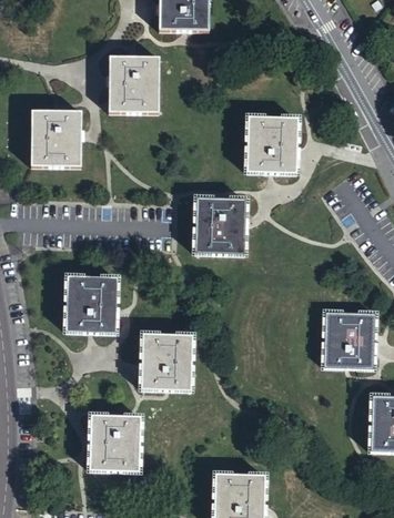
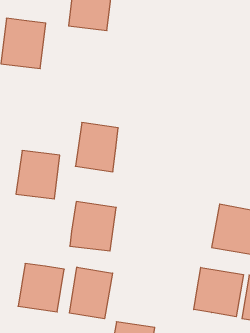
building: [243,112,297,174] -> none
building: [198,196,245,253] -> [75,123,118,172]
building: none -> [194,267,243,317]
building: none -> [70,267,113,319]

